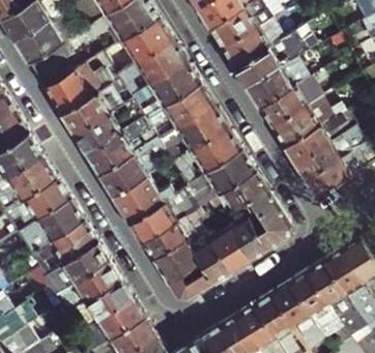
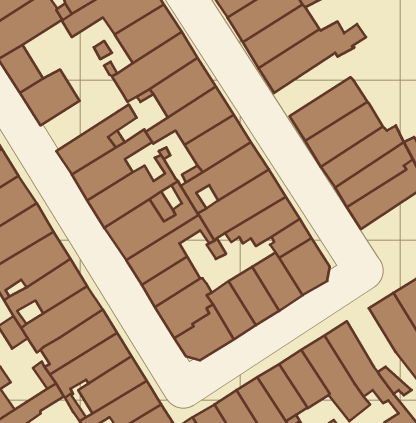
building: [246,56,307,107] -> none
building: [59,77,124,135] -> none
building: [304,260,343,306] -> none

